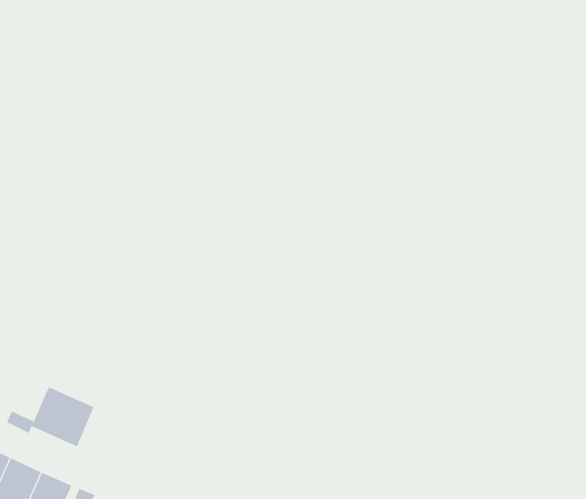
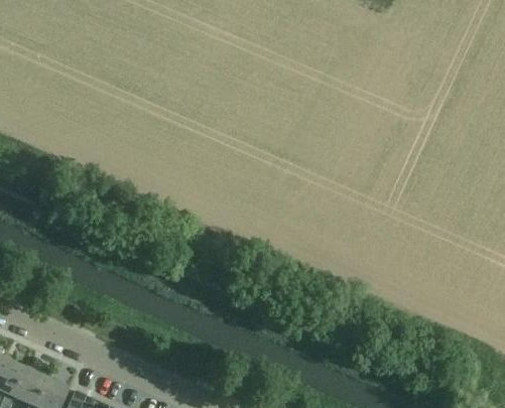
building: [6,387,94,447] -> none

